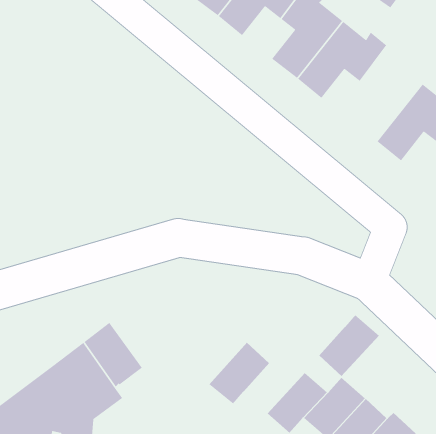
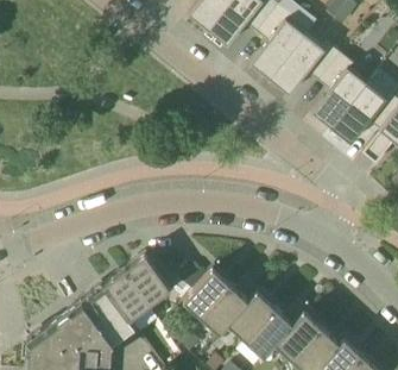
building: none -> [312,51,368,126]
building: none -> [125,251,172,302]
building: [319,314,380,377] -> [229,289,277,338]
building: none -> [184,265,232,315]

